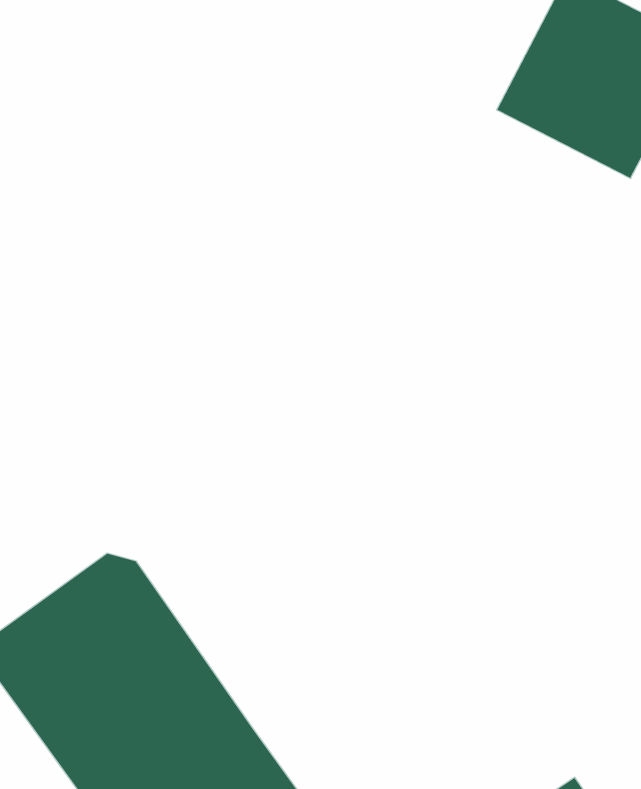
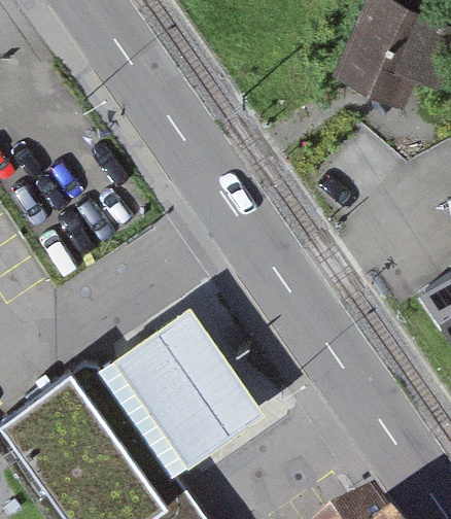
building: none -> [100,306,267,476]

